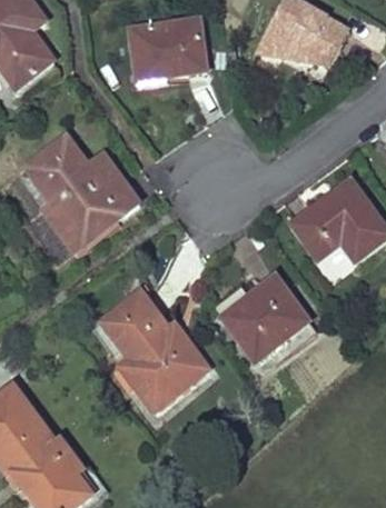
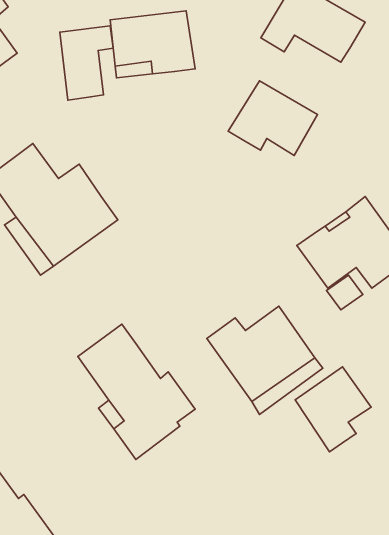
building: none -> [60,26,113,100]
building: none -> [228,81,317,155]
building: none -> [295,367,371,452]

